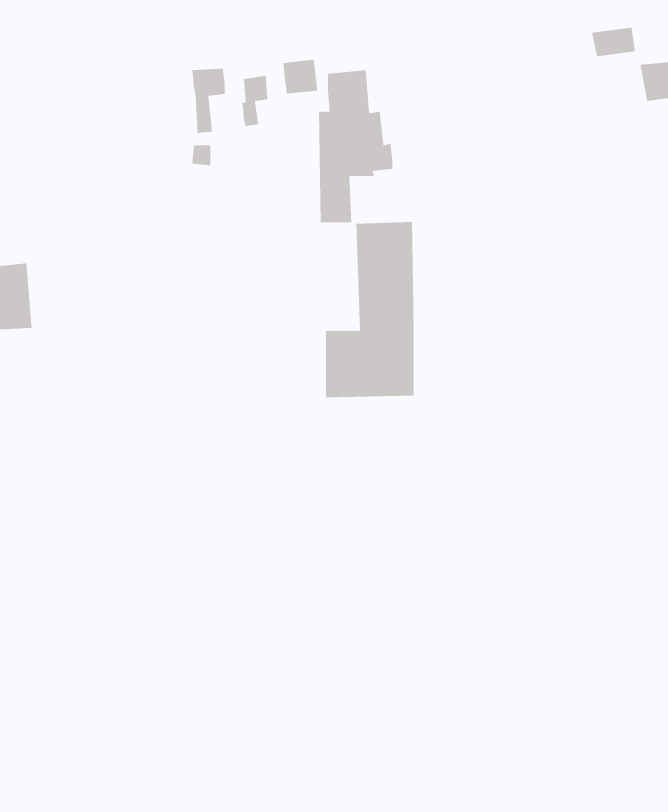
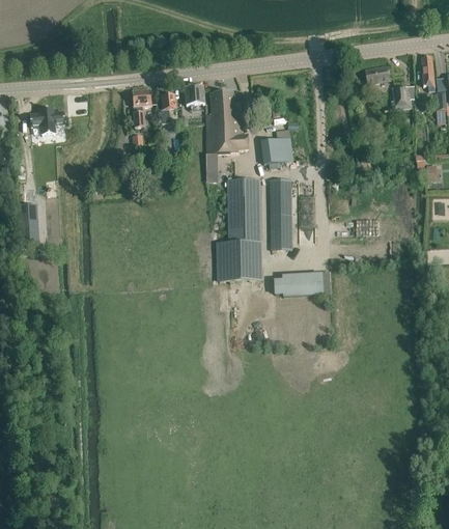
building: none -> [30,108,65,135]
building: none -> [261,137,297,164]
building: none -> [272,178,292,248]
building: none -> [271,272,321,296]

